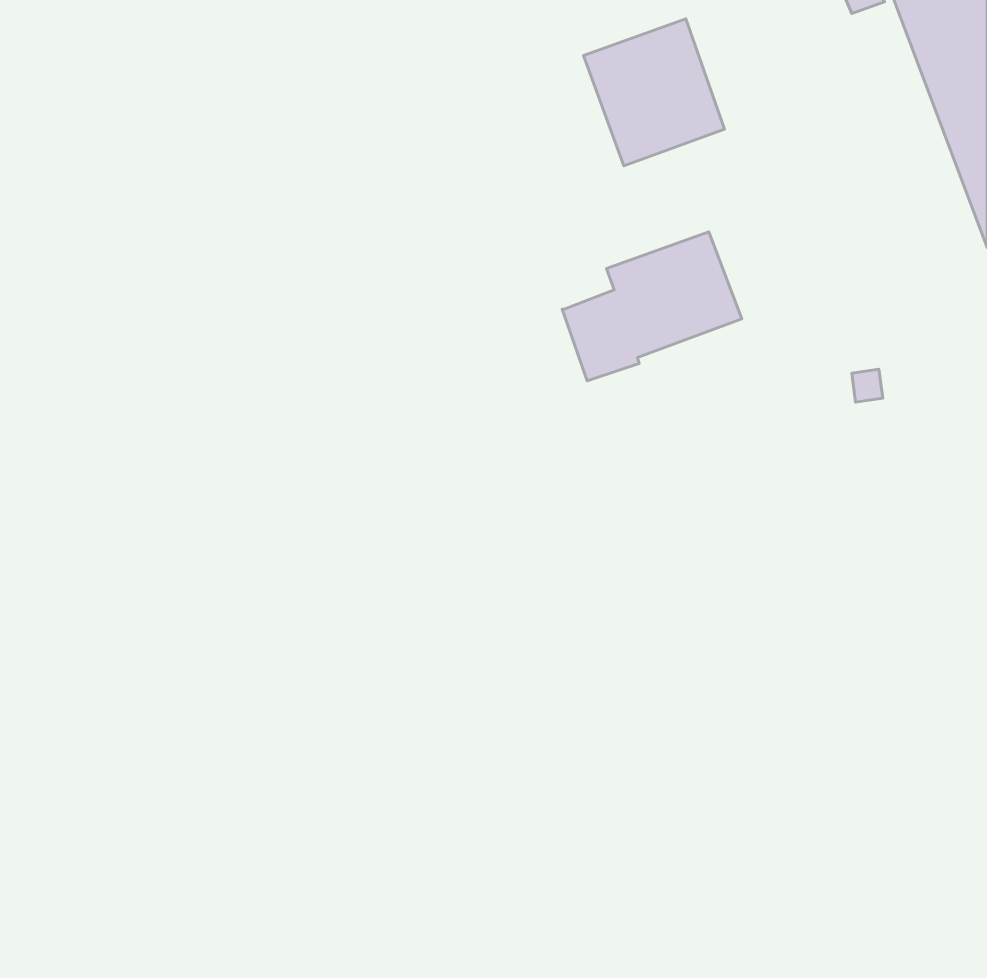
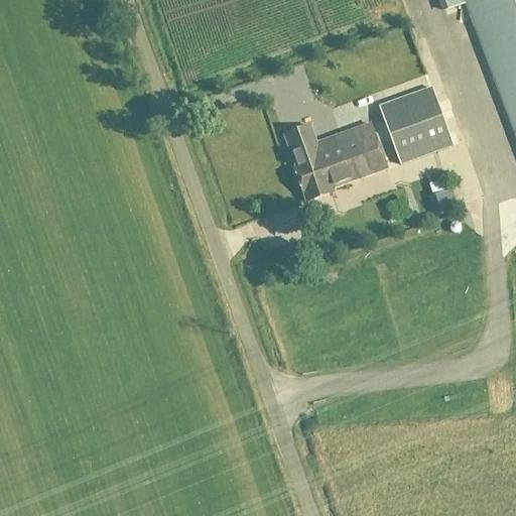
building: [583,19,724,166] -> [379,85,453,161]
building: none -> [284,124,320,161]

